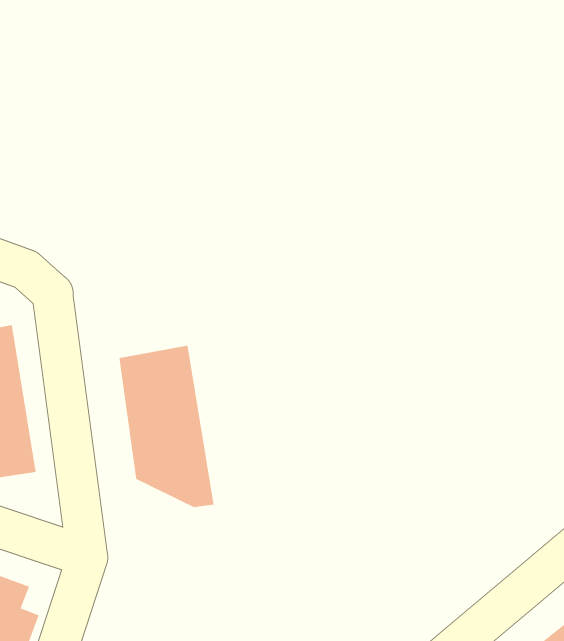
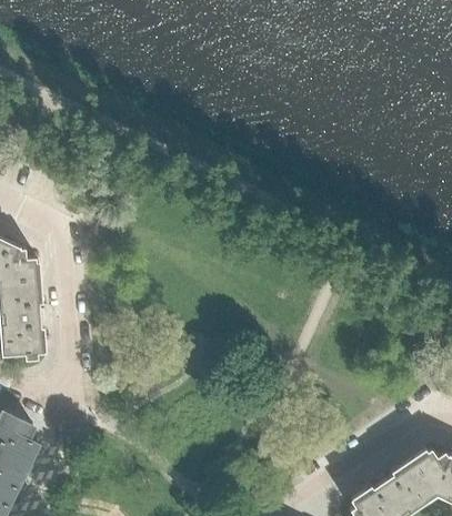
building: [119,345,214,508] -> none

